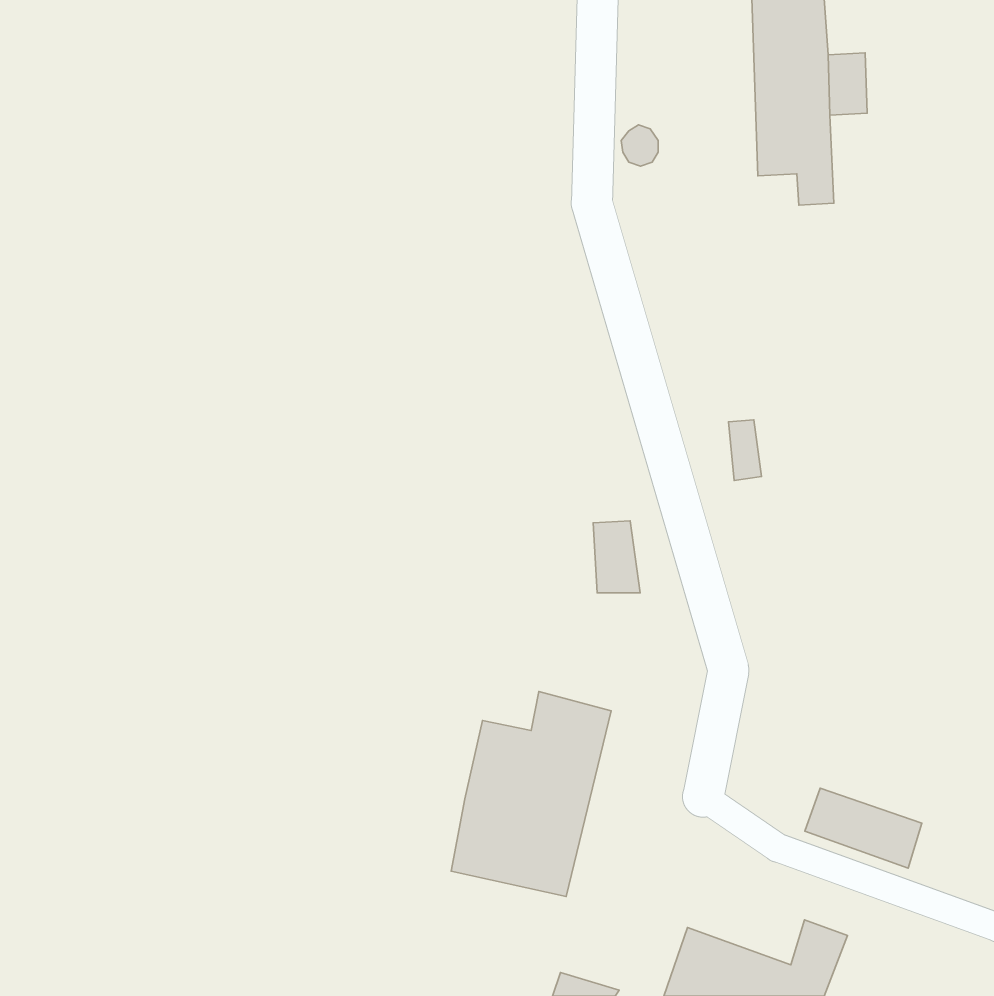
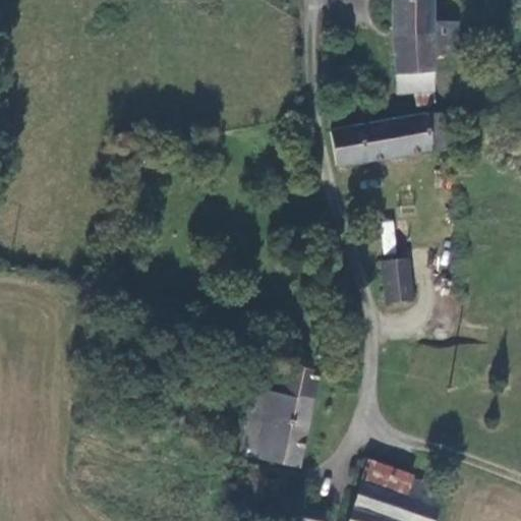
building: none -> [332,113,456,165]
building: [593,521,640,593] -> [384,264,408,301]
building: [805,788,922,868] -> [360,461,421,503]

